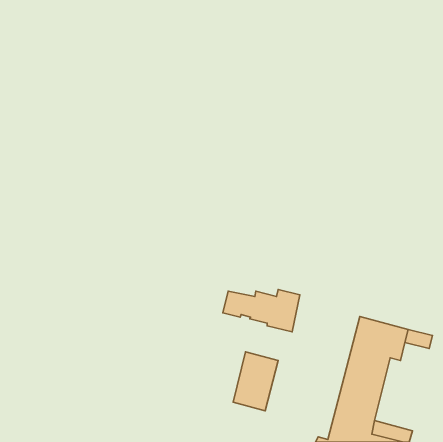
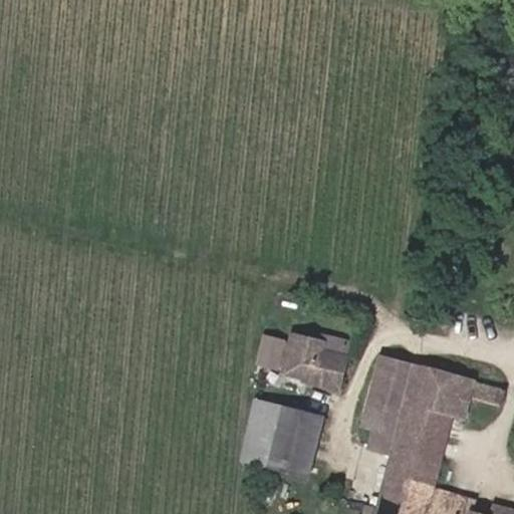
building: none -> [361,357,417,456]
building: none -> [243,401,284,466]

